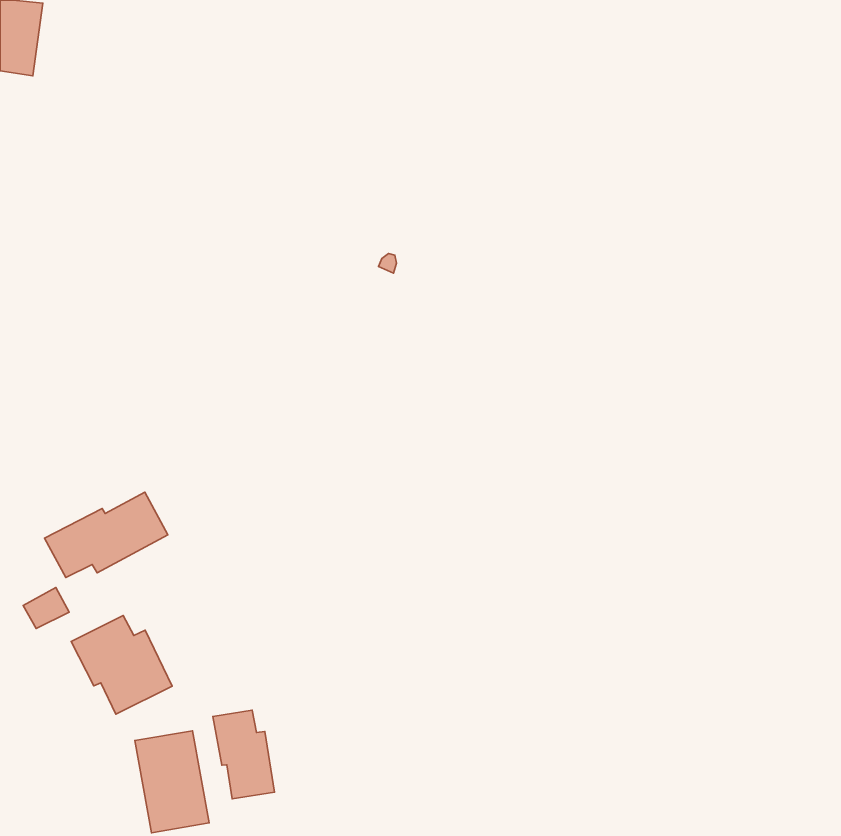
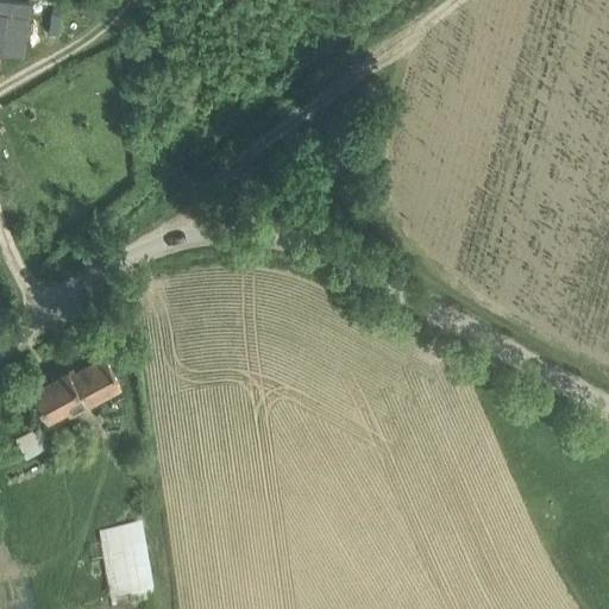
building: [71,615,172,714] -> none
building: [213,710,275,799] -> none

